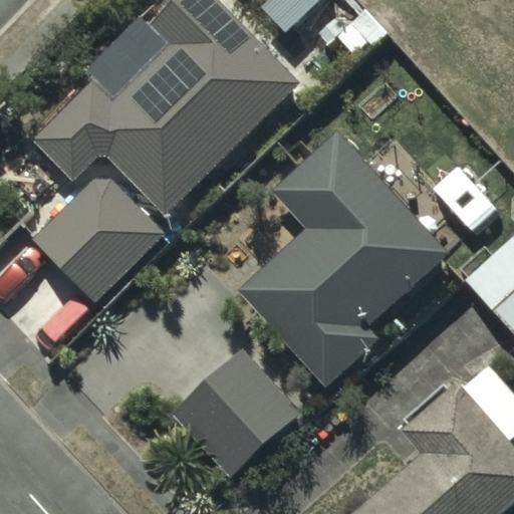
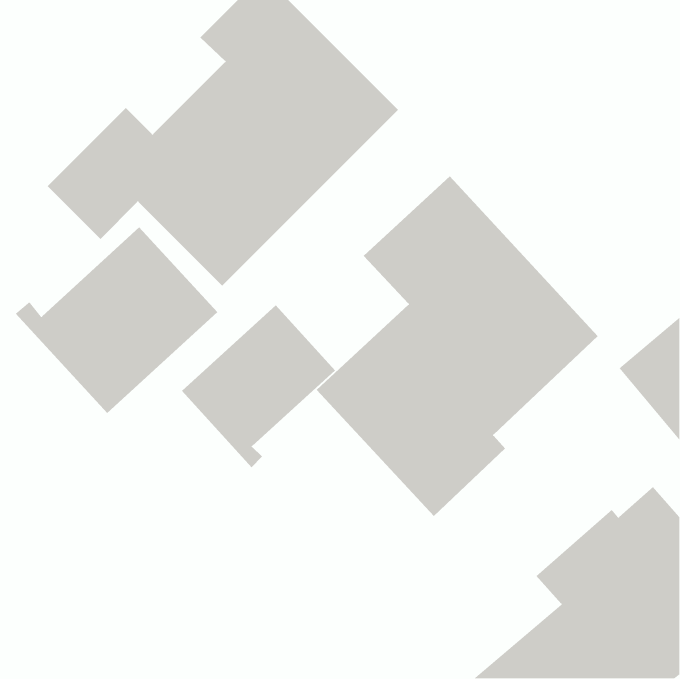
building: none -> [181,304,336,468]
building: [174,349,301,476] -> none

